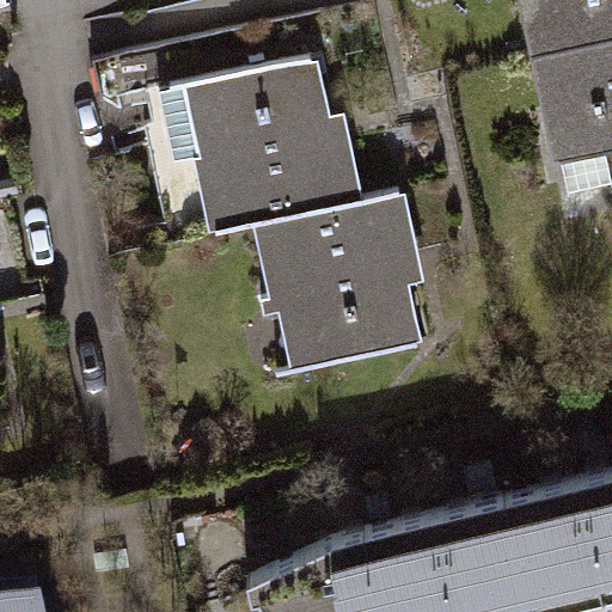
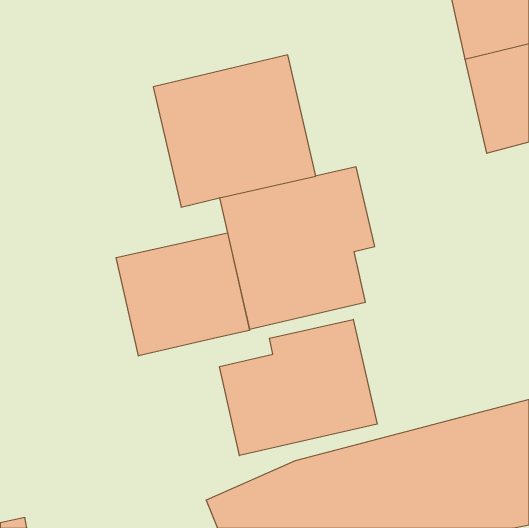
building: none -> [116,233,250,356]
building: none -> [220,319,377,456]

